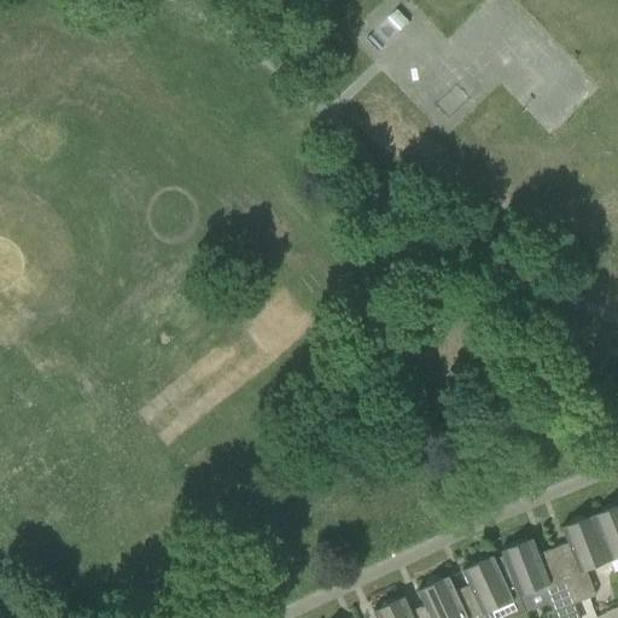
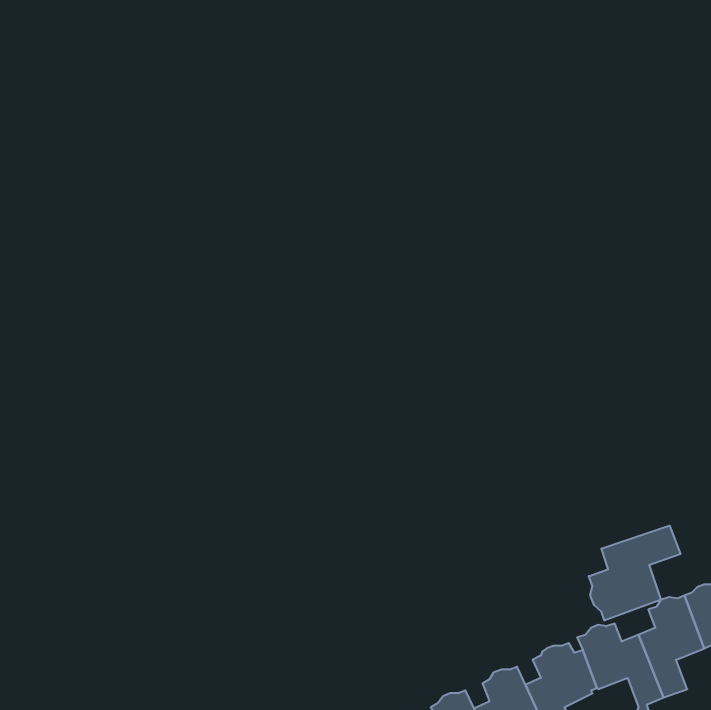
building: none -> [589,526,680,621]

